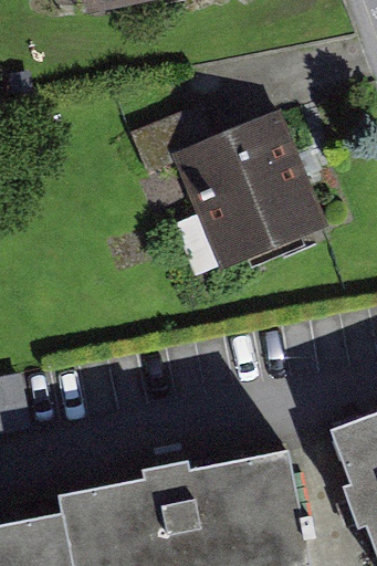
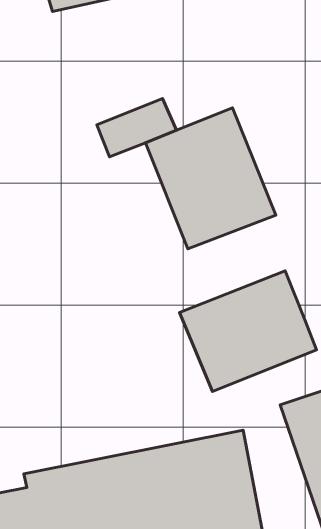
building: none -> [180,271,316,391]

